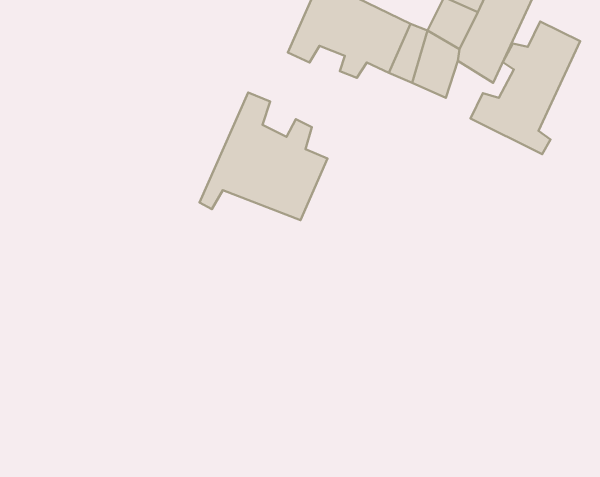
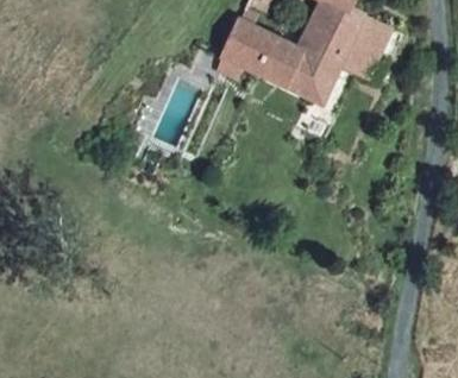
building: [471,21,580,154] -> none
building: [199,92,328,220] -> none

